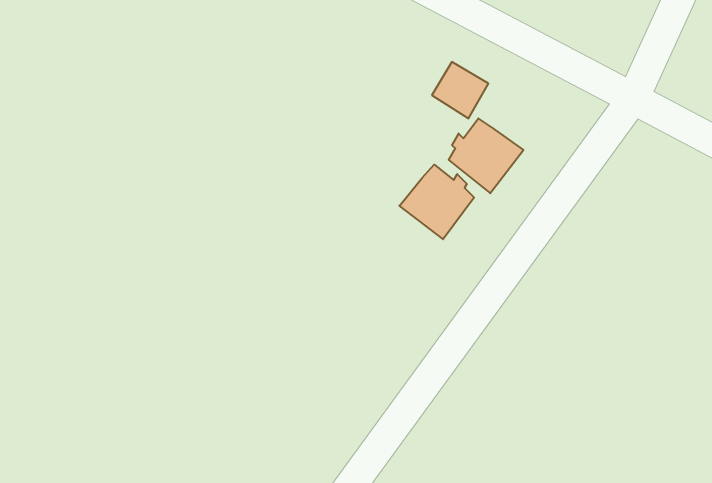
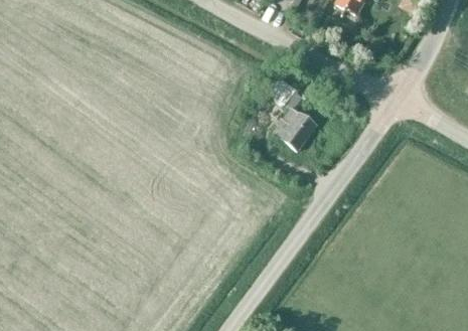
building: [399,165,474,239] -> none

